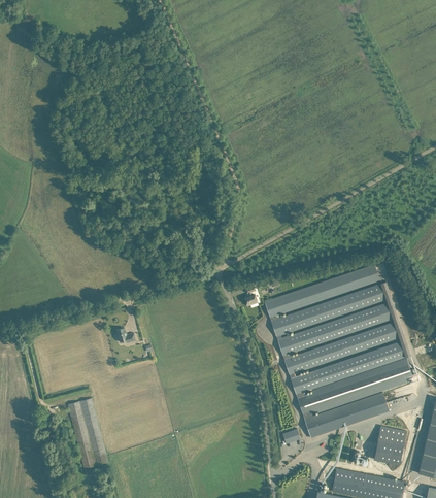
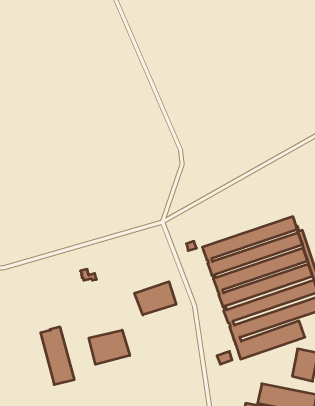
building: none -> [135,282,176,315]
building: none -> [89,330,130,364]

